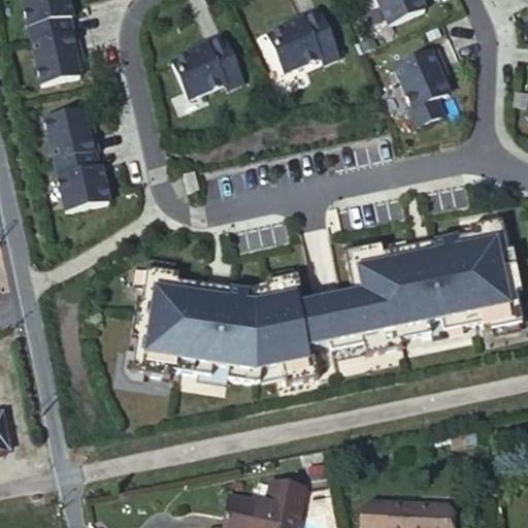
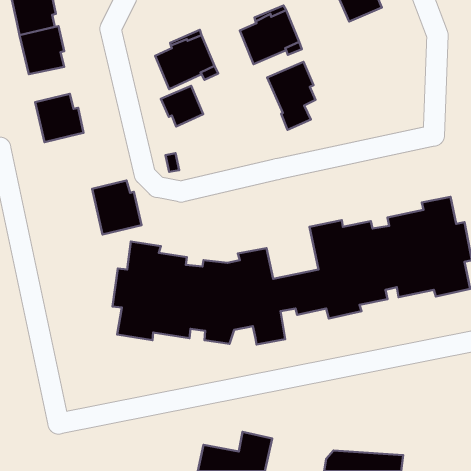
building: [396,50,450,125] -> [267,62,315,130]
building: none -> [161,86,203,126]
building: [54,148,108,208] -> [92,181,141,235]

